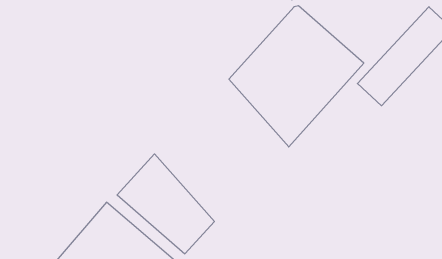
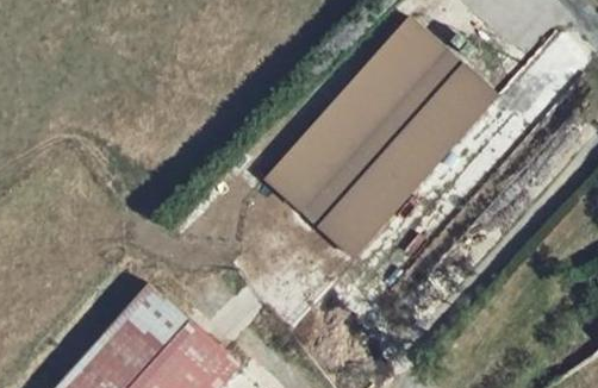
building: [117,154,214,254] -> [262,125,392,258]

